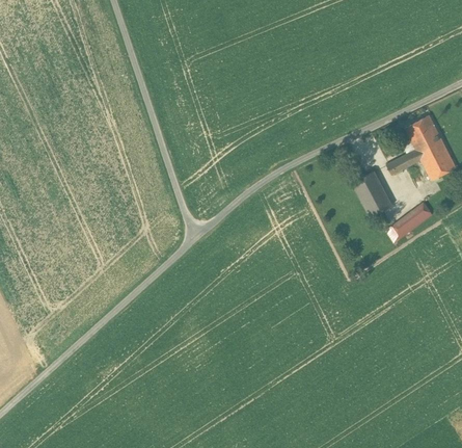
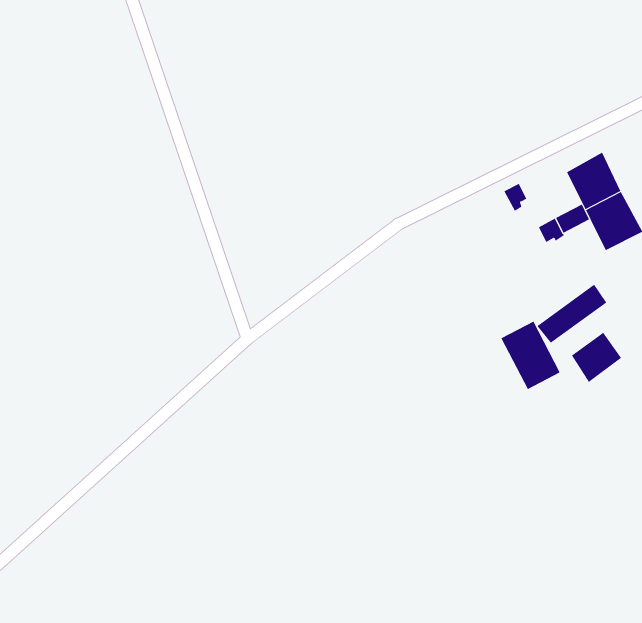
building: [352,170,391,216] -> [501,321,560,390]
building: none -> [571,332,622,383]

